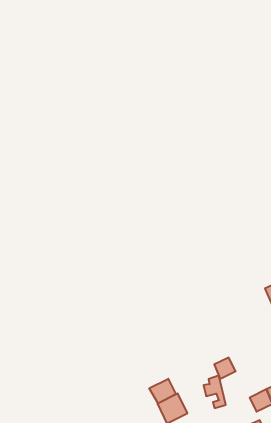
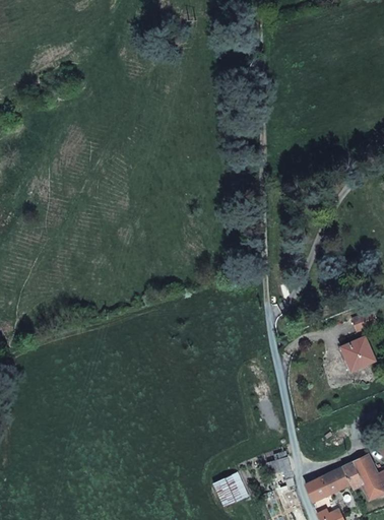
building: [214,358,236,379] -> [306,476,331,502]
building: [149,379,176,403] -> none

